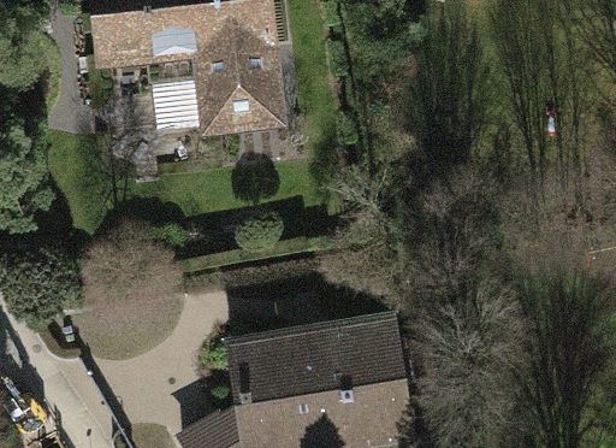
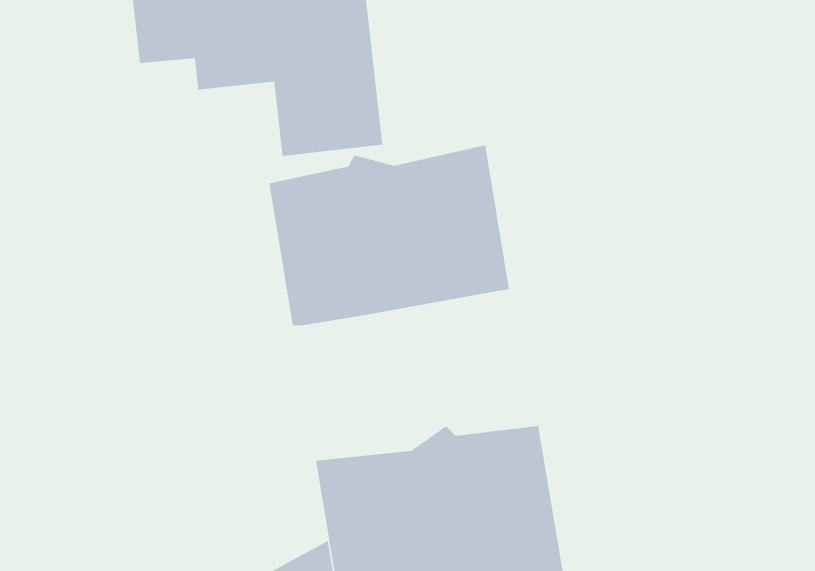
building: none -> [269,144,510,327]

